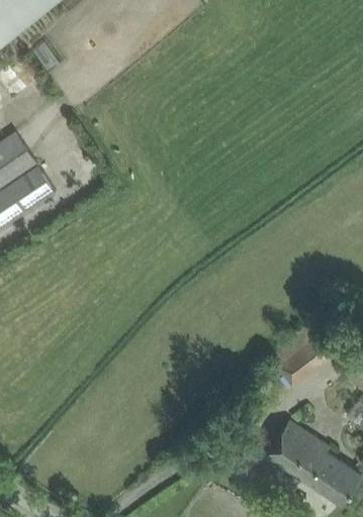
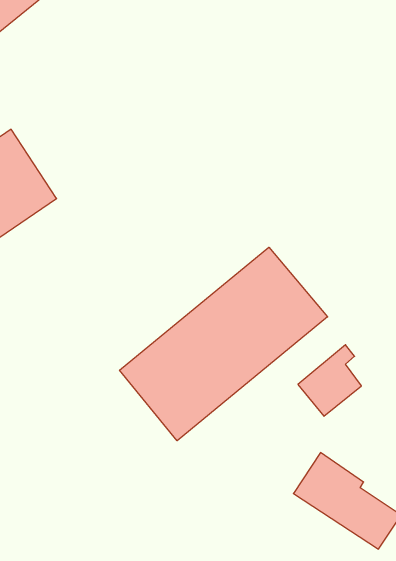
building: none -> [120,247,328,441]

